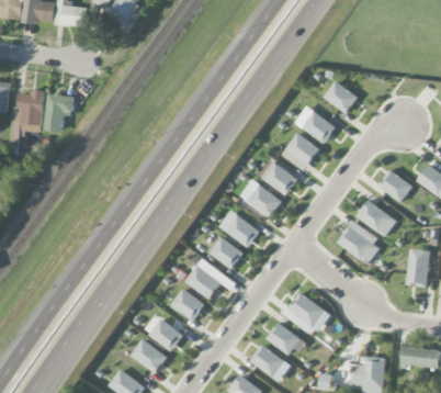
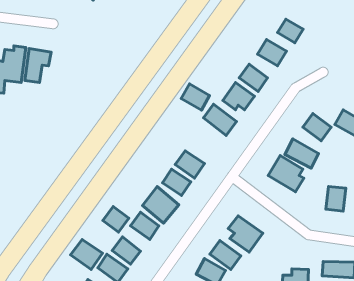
building: none -> [278,19,303,43]
building: [248,186,282,217] -> [181,84,210,110]
building: none -> [103,206,129,232]
building: none -> [71,240,102,269]

